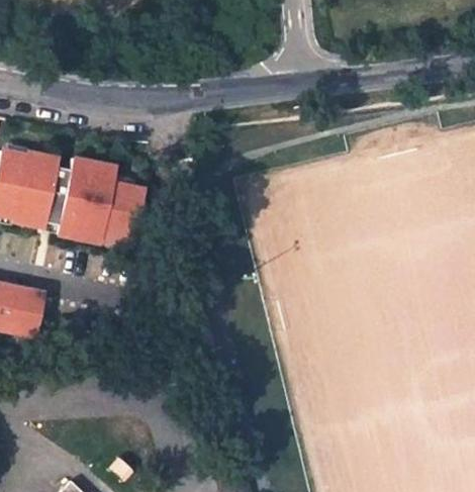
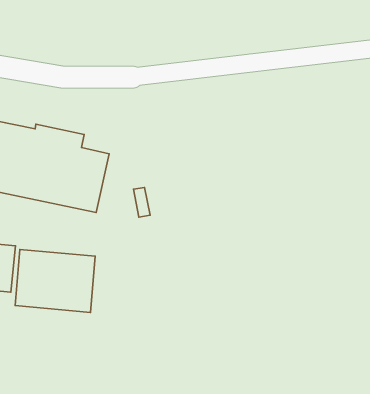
building: none -> [15,249,95,312]

